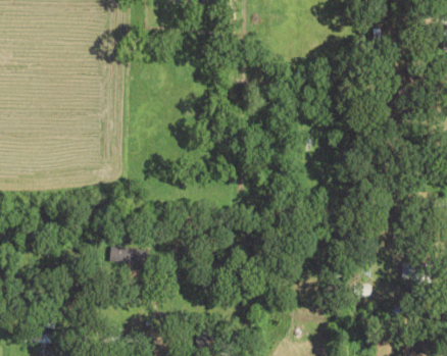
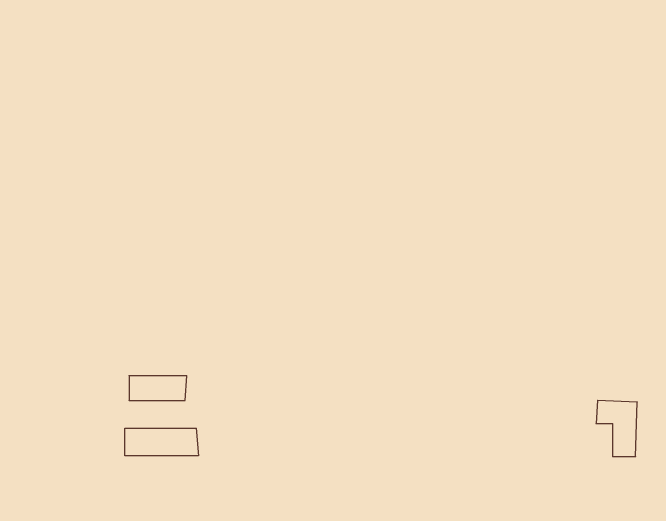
building: none -> [125,428,198,456]

